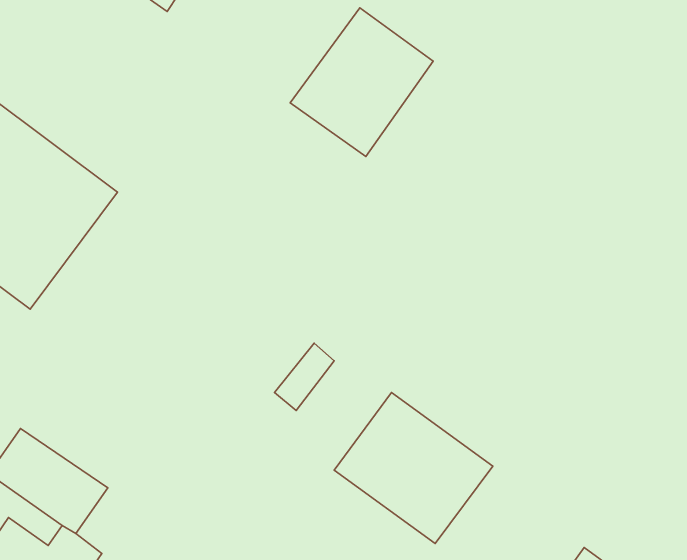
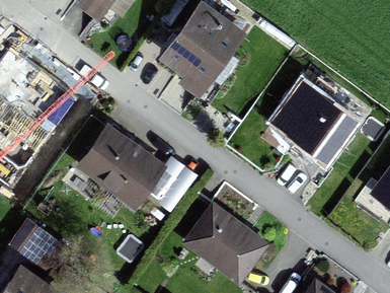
building: none -> [275,82,353,163]
building: none -> [79,129,160,206]

